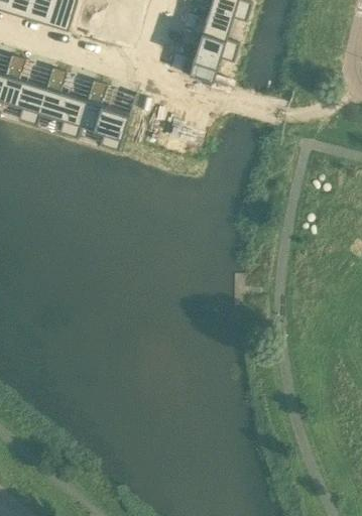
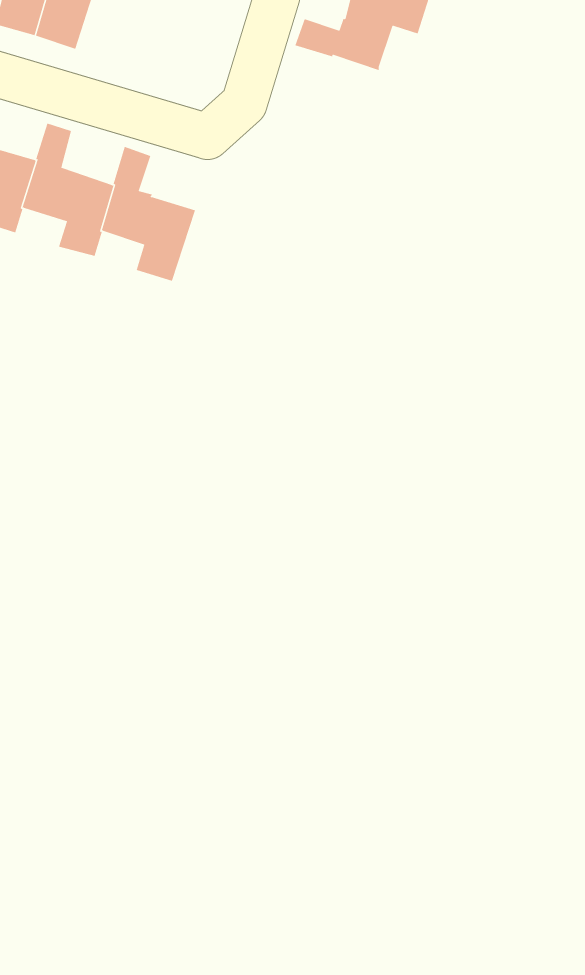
building: [169,32,239,82] -> none

